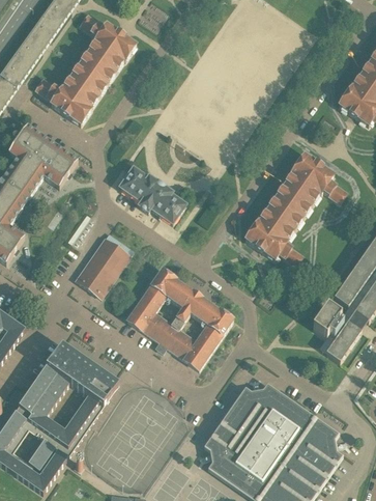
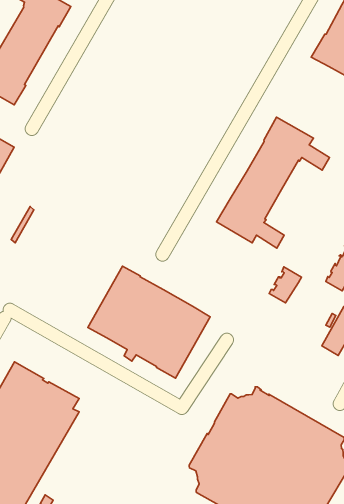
building: [119,167,184,222] -> none
building: [75,231,133,297] -> none
building: [312,305,341,336] -> [269,267,302,303]

